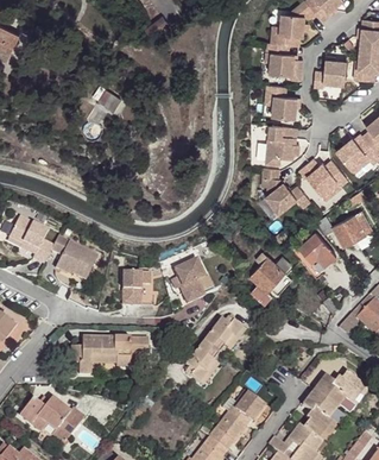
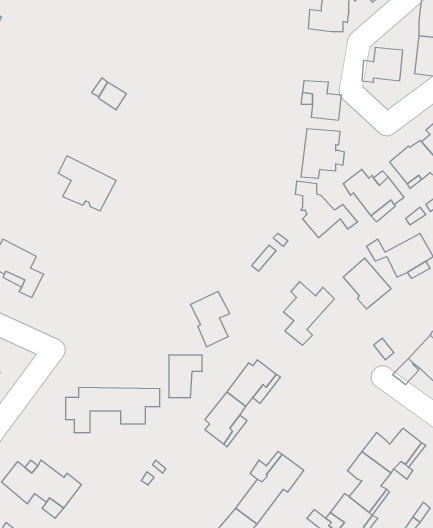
building: [265,44,303,81] -> none
building: [51,235,99,281] -> [58,156,116,211]
building: [122,272,150,307] -> [169,355,202,397]

